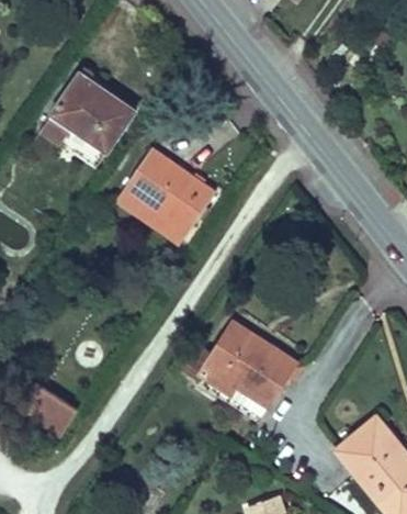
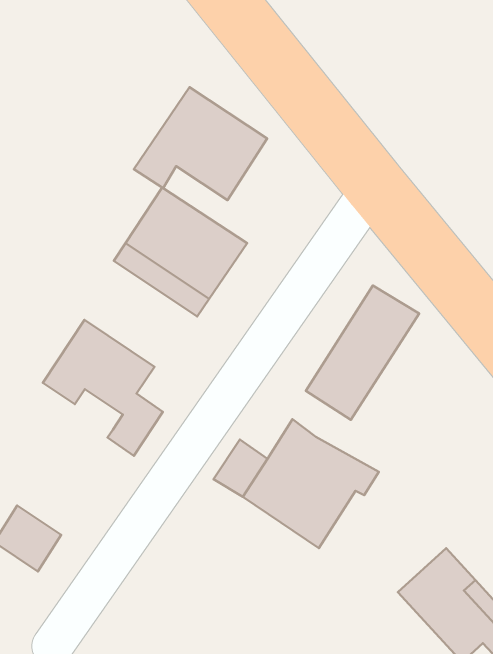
building: [38,69,138,154] -> [134,87,267,200]
building: none -> [306,285,419,420]
building: none -> [43,320,163,456]

